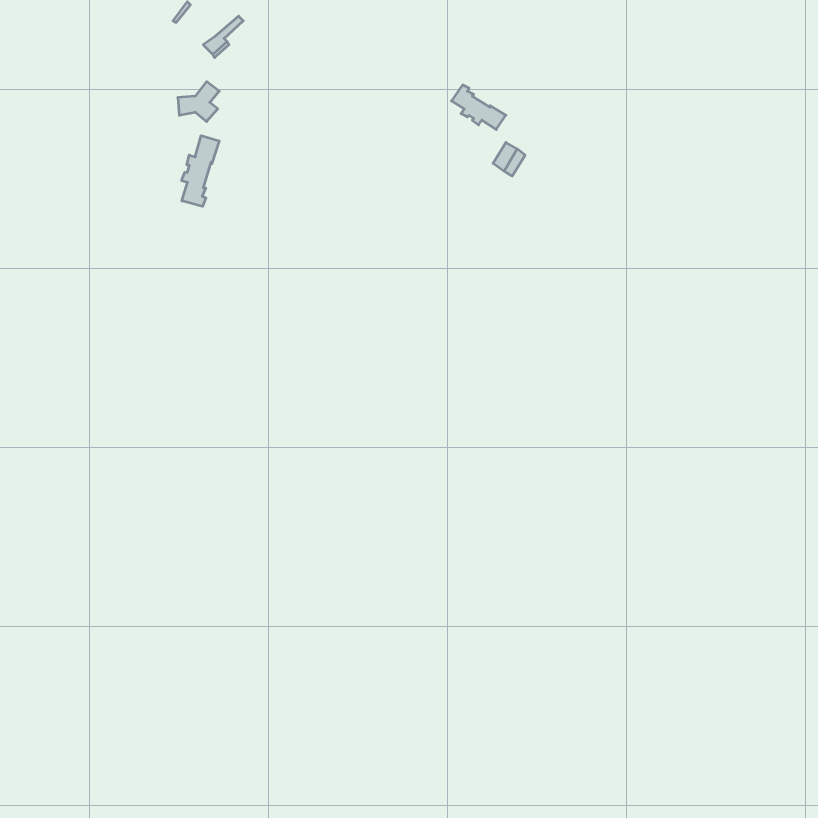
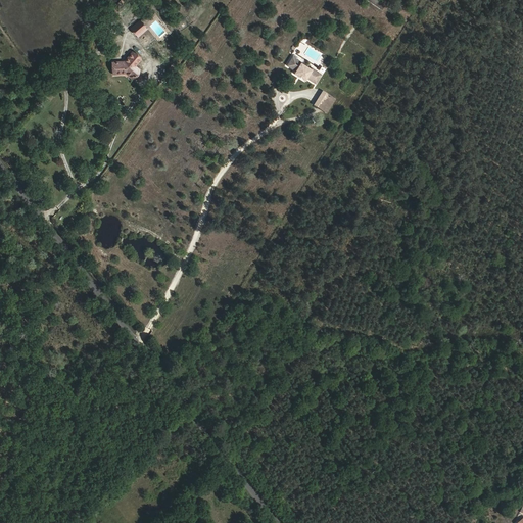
building: [182,136,219,206] -> none

